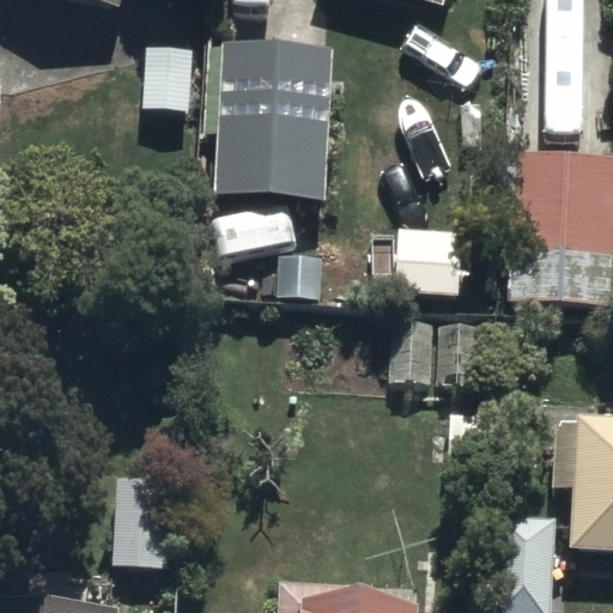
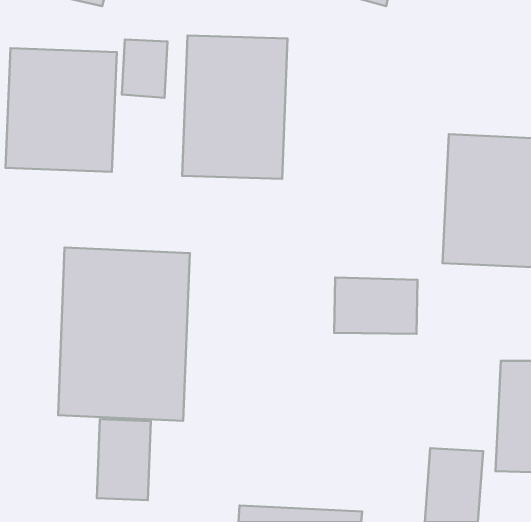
building: none -> [5,48,117,172]
building: none -> [58,248,190,421]

